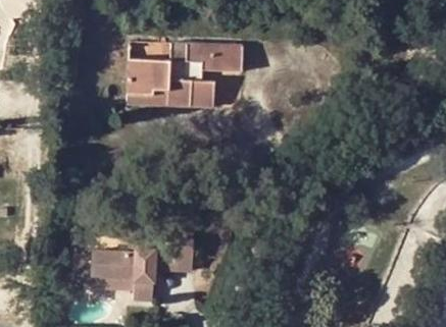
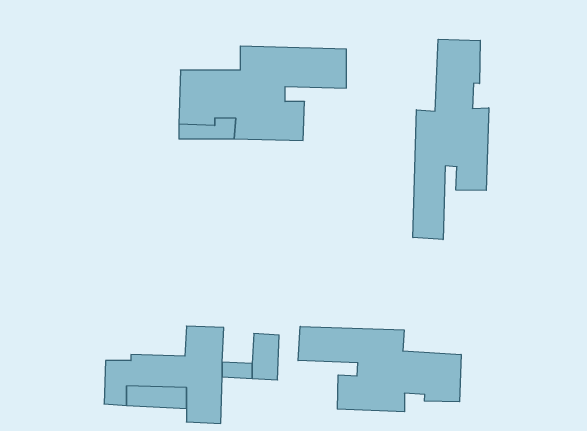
building: none -> [413,39,489,240]
building: none -> [298,326,461,412]

